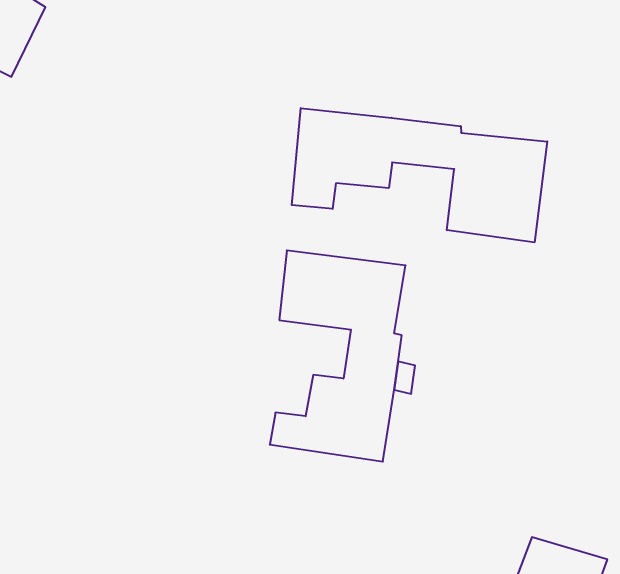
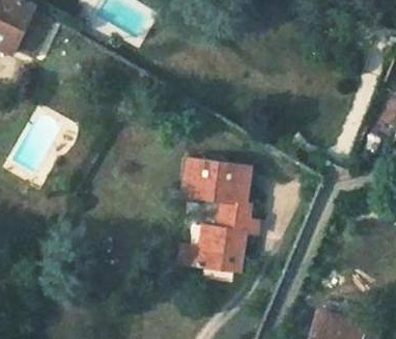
building: [292,108,547,242] -> none

